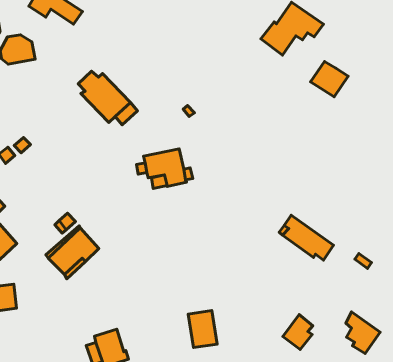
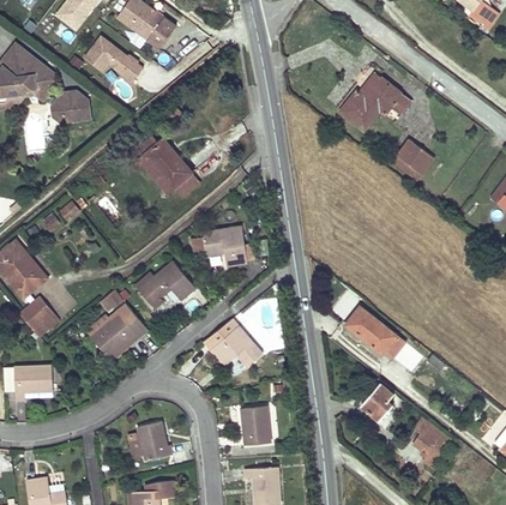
building: none -> [134,260,195,308]
building: none -> [203,317,261,366]
building: [283,315,313,350] -> [360,381,393,420]

